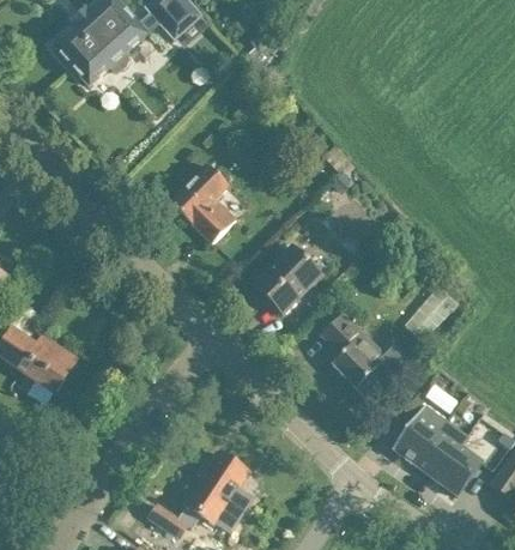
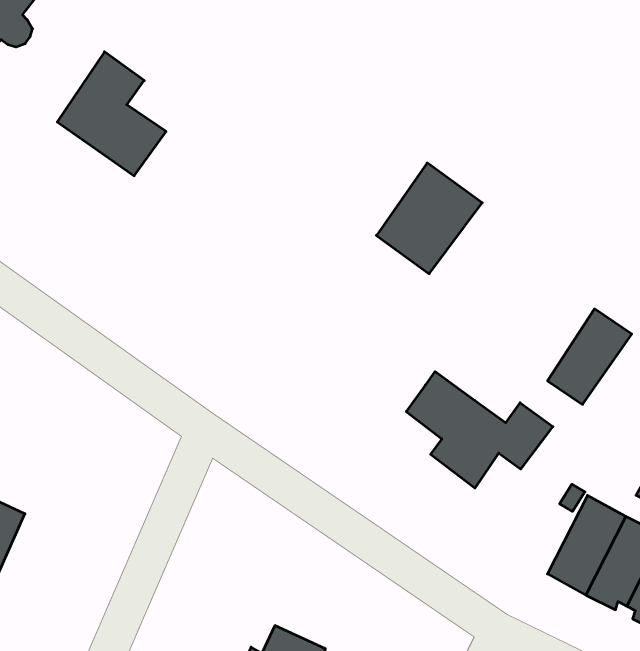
building: [170,163,236,242] -> [57,52,166,176]
building: [253,244,321,313] -> [376,163,482,274]

